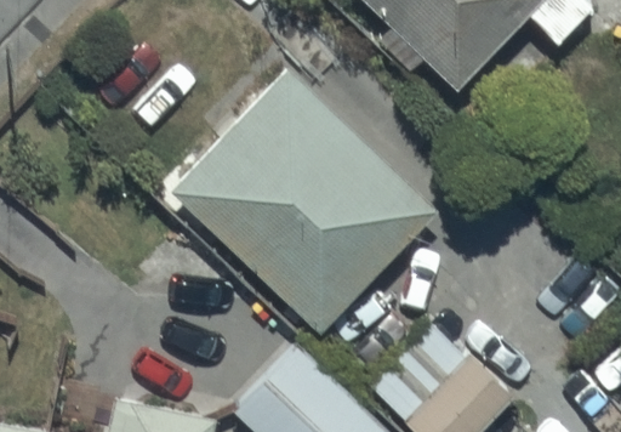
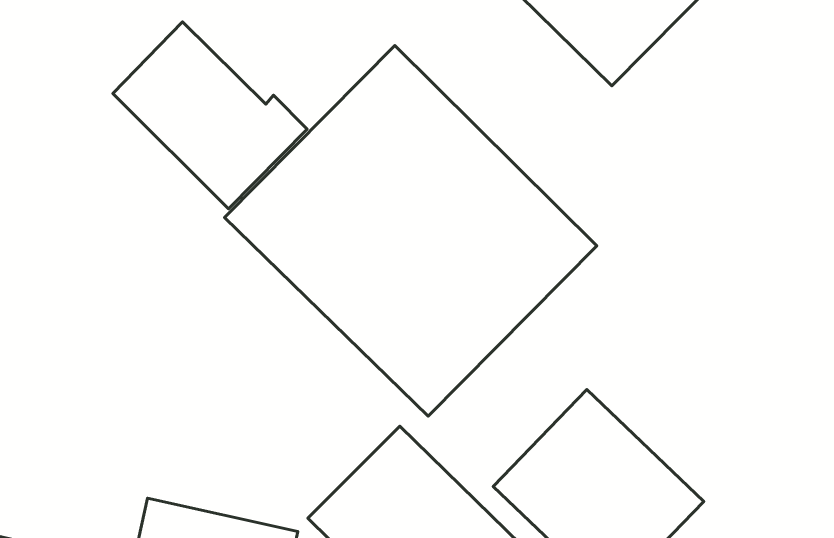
building: none -> [113,22,307,209]

